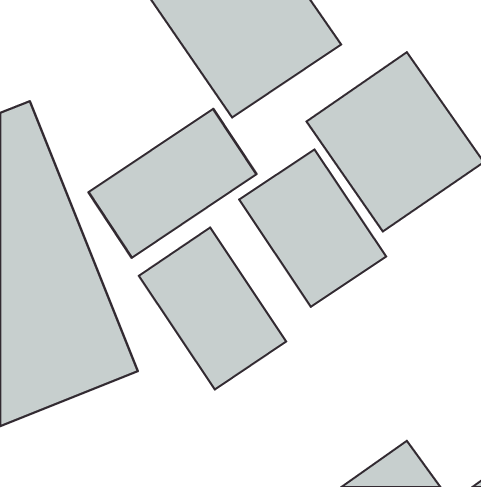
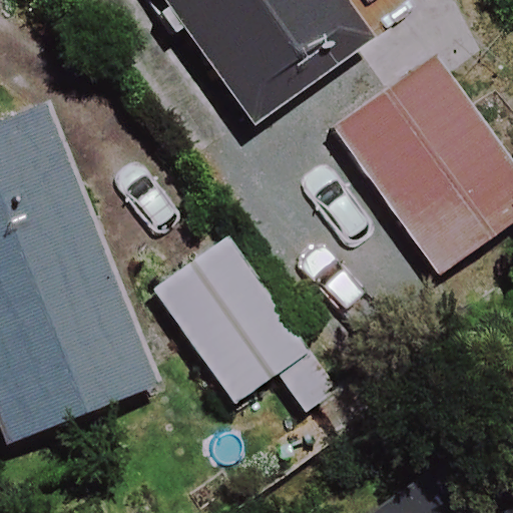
building: [88,109,257,258] -> none
building: [239,150,386,307] -> none

